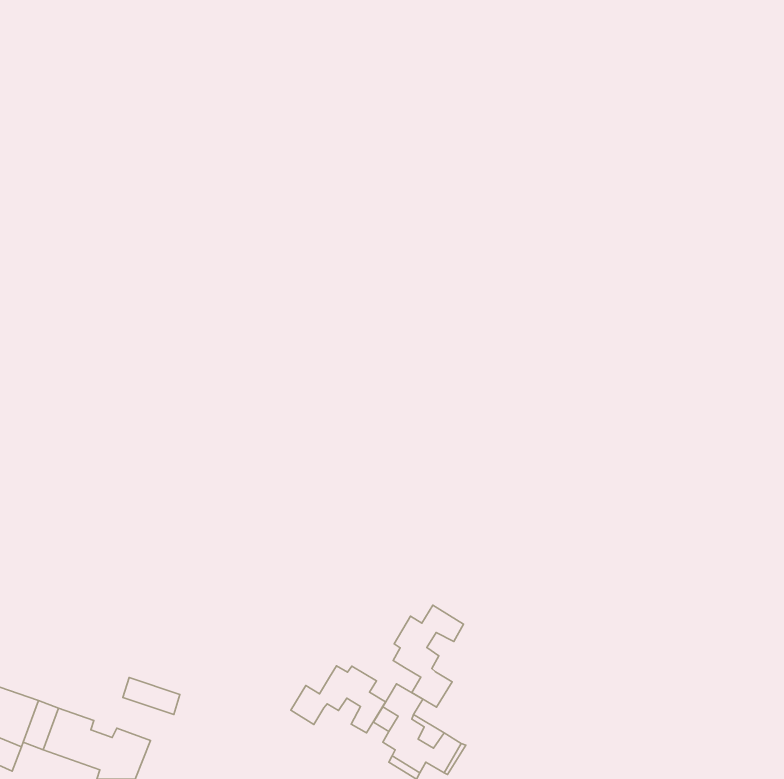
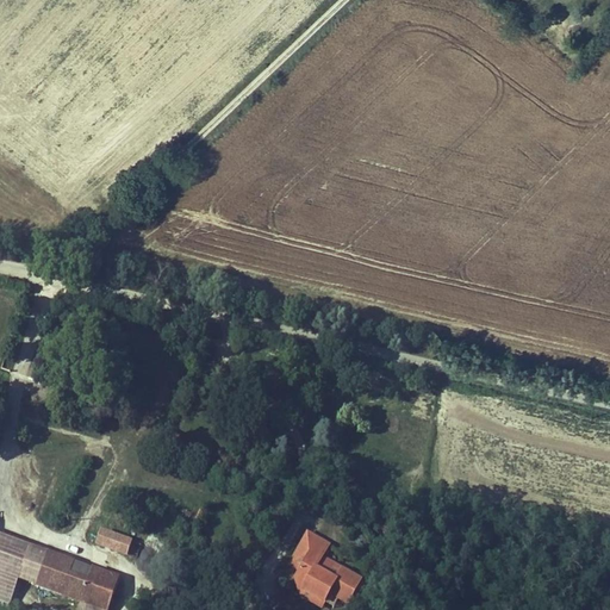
building: [393,605,464,707] -> none
building: [291,666,386,733] -> none

